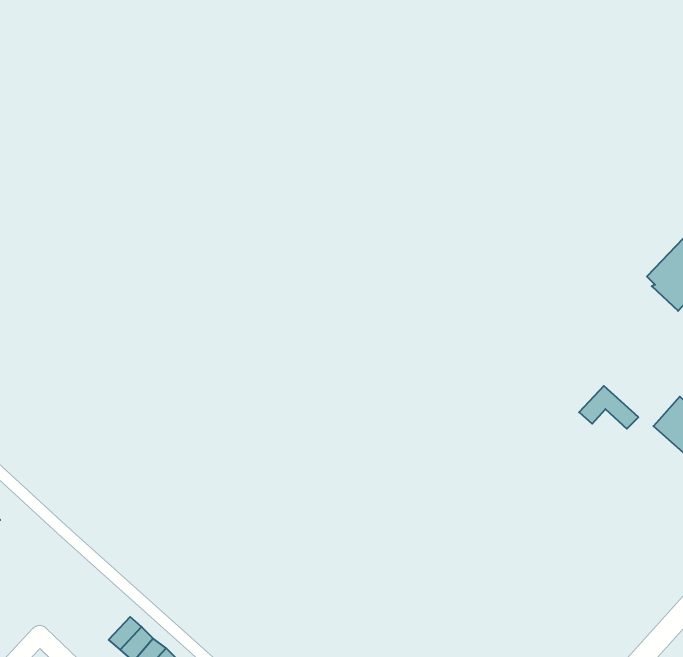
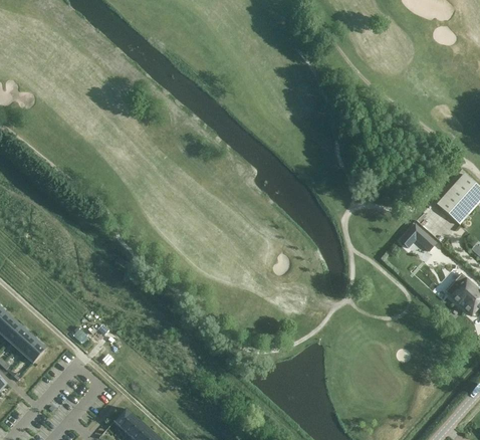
building: [579,386,638,429] -> [400,224,436,250]

